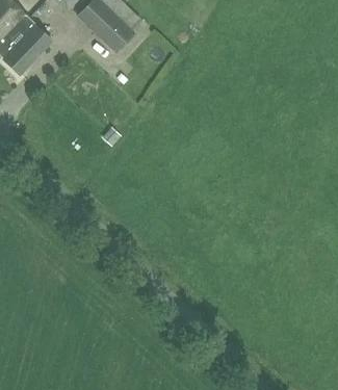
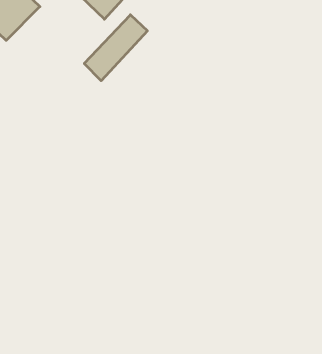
building: none -> [84,15,147,81]

